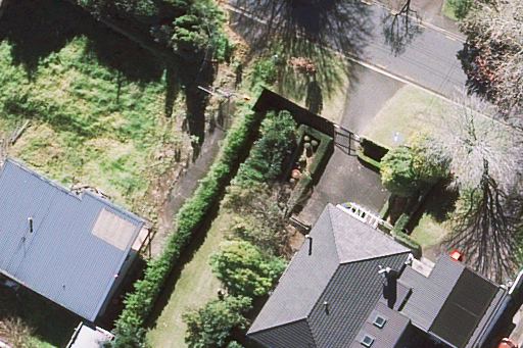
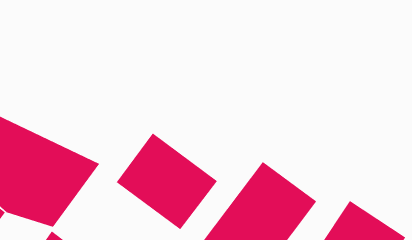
building: none -> [116,132,218,230]

